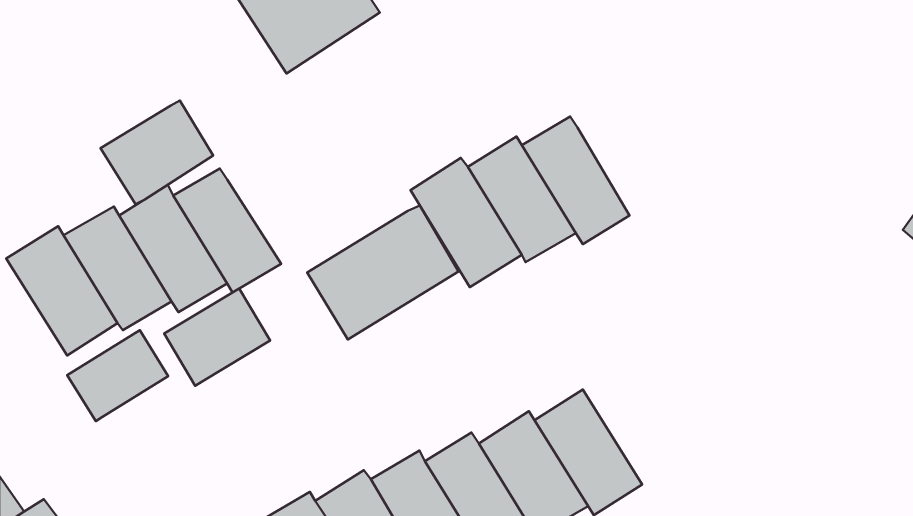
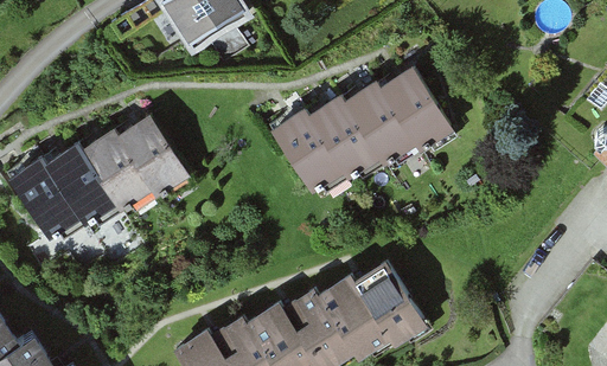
building: none -> [384,71,454,154]
building: [101,100,213,204] -> none
building: [307,206,458,339] -> none
building: [164,289,270,386] -> none
building: [67,330,168,421] -> none

